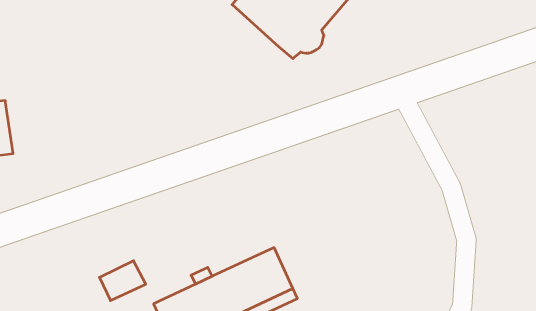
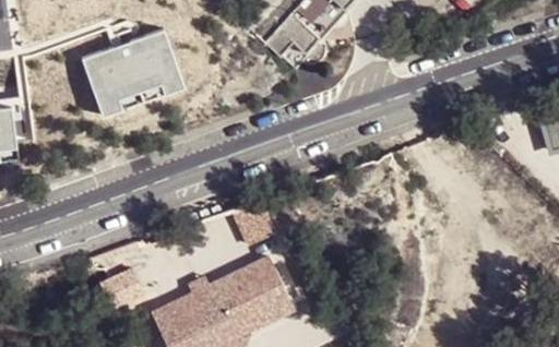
building: none -> [81,31,182,115]

